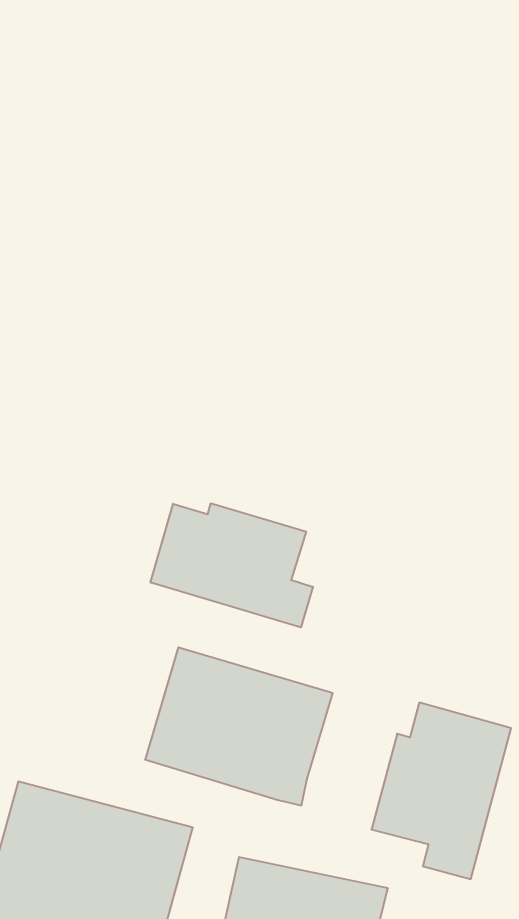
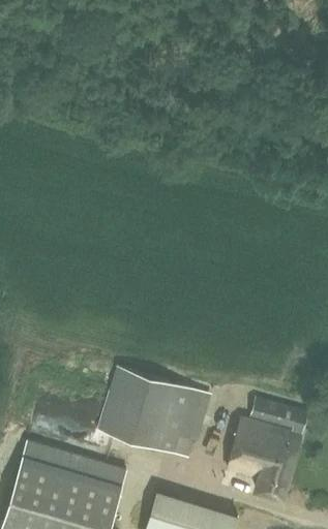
building: [151,503,313,627] -> none

